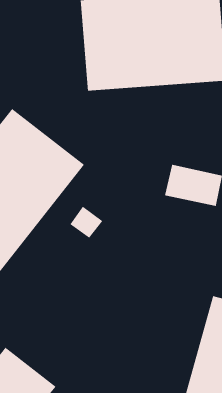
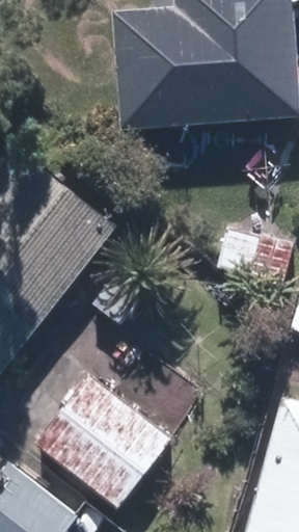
building: none -> [35,374,175,510]

